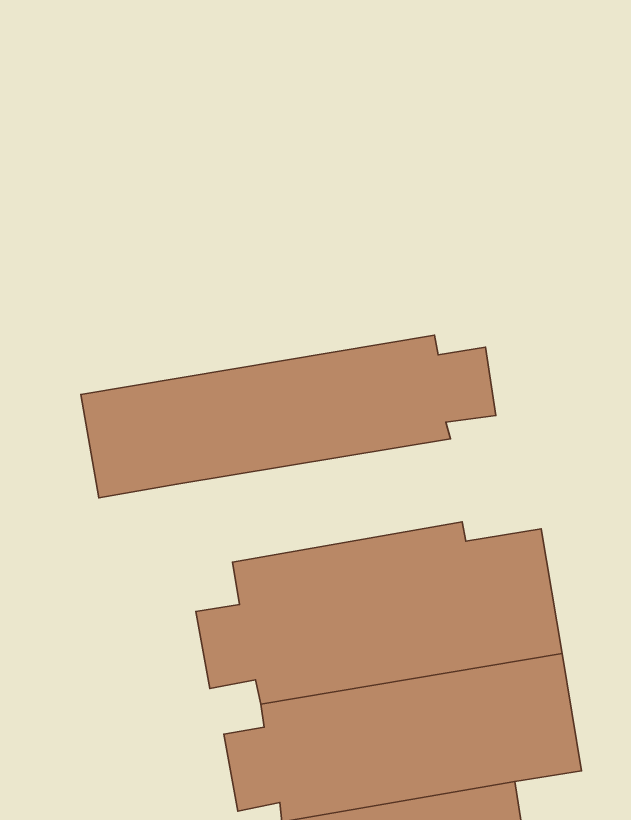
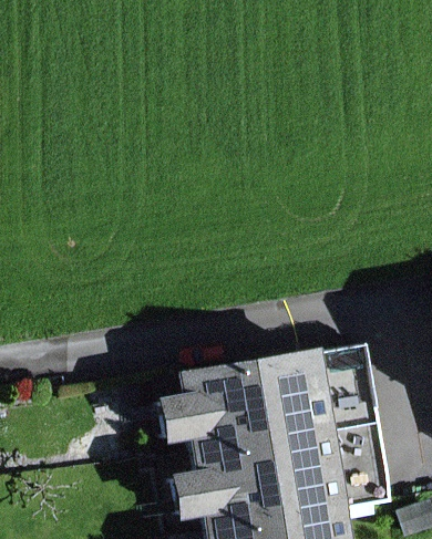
building: [81,335,496,498] -> none

